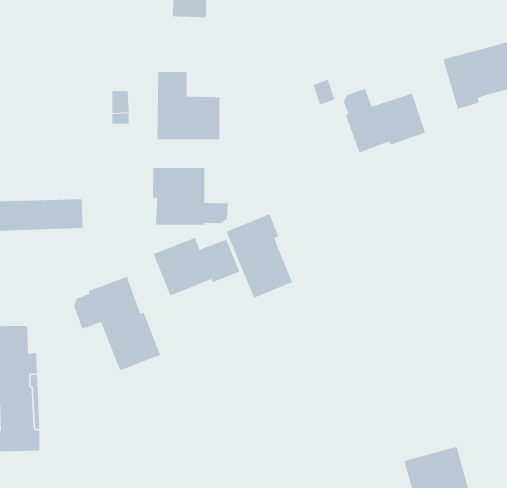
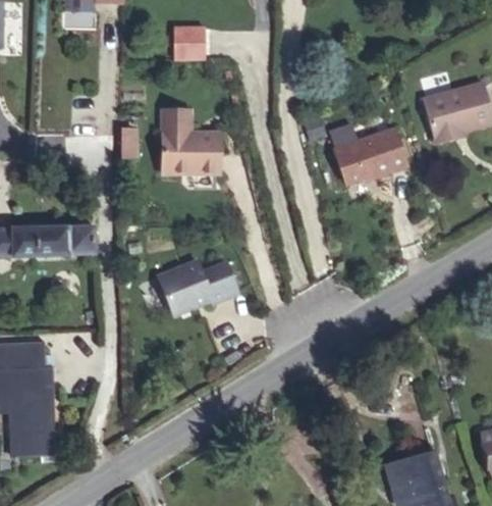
building: [152,167,228,226] -> none
building: [226,214,293,299] -> none
building: [73,276,161,371] -> none

